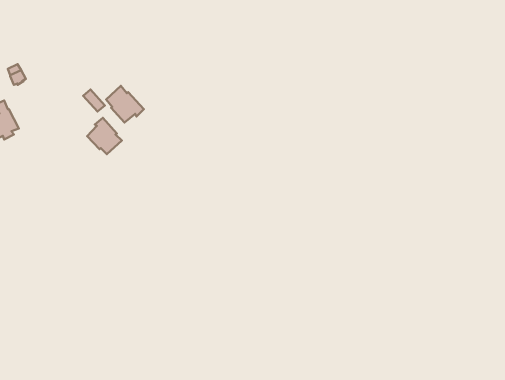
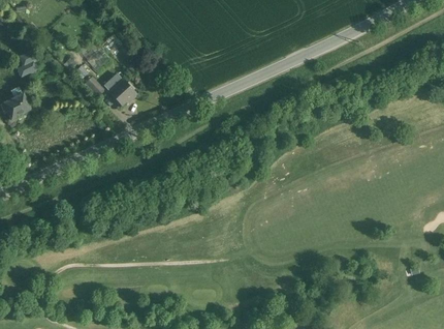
building: [87,118,122,154] -> none

